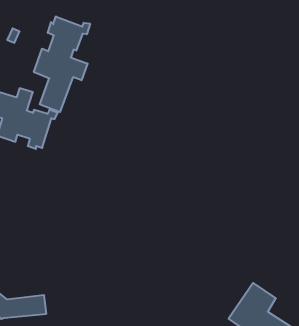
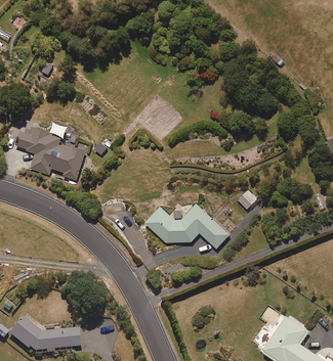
building: [34,16,90,112] -> none
building: none -> [145,205,230,250]

